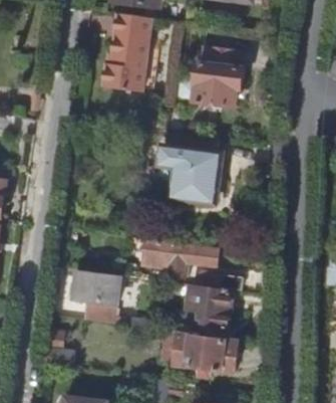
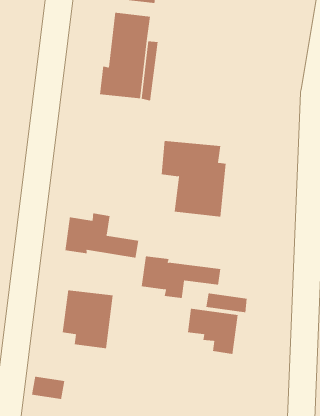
building: [179,48,243,108] -> none
building: none -> [65,213,139,258]
building: [162,330,238,372] -> none

